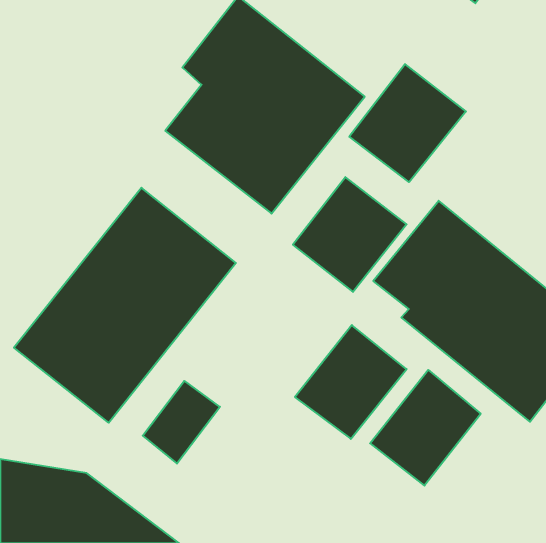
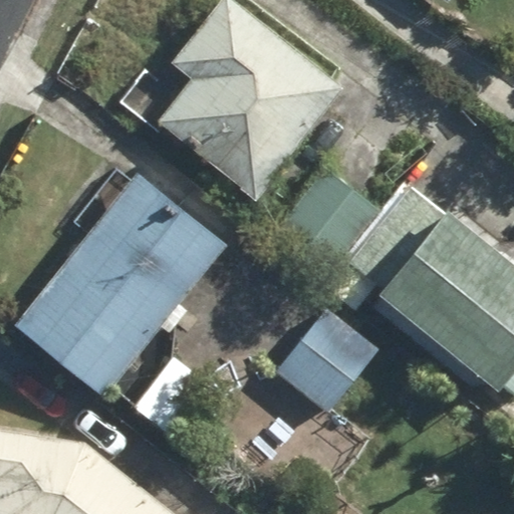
building: [349,64,466,182] -> none
building: [370,370,481,486] -> none

